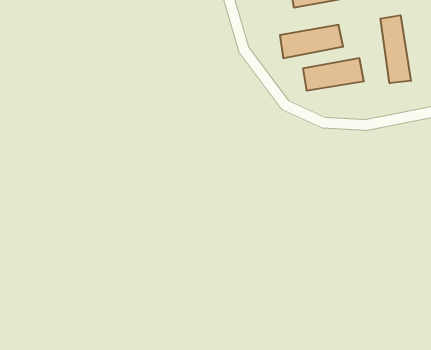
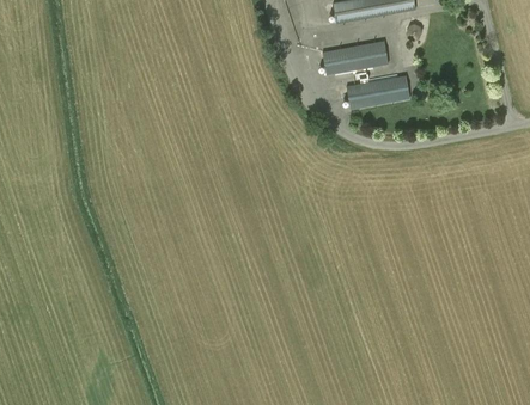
building: [380,15,411,83] -> none

